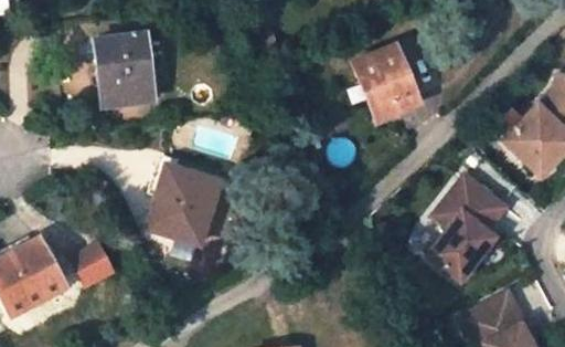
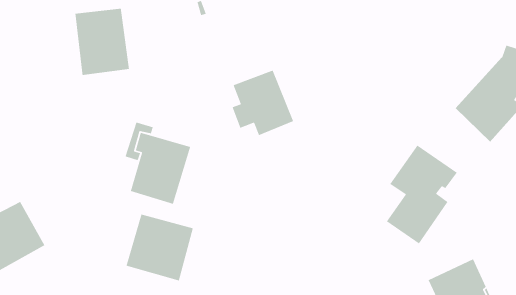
building: [352,45,418,116] -> [232,69,294,136]
building: [67,242,114,287] -> none
building: none -> [125,214,194,282]

